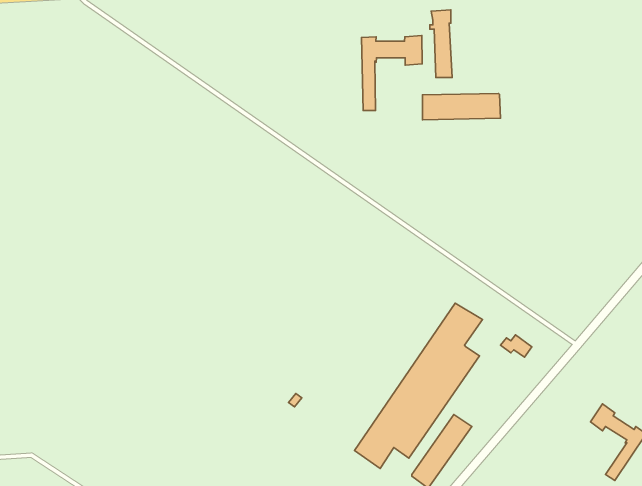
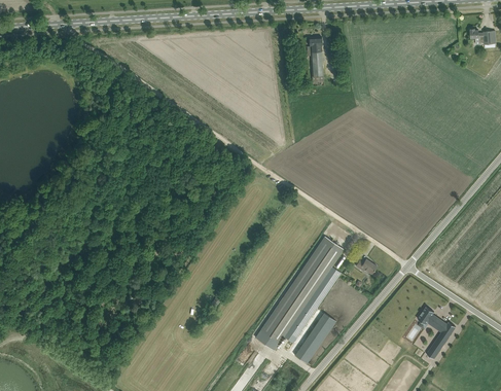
building: [362,36,422,111] -> none
building: [423,93,500,120] -> none

